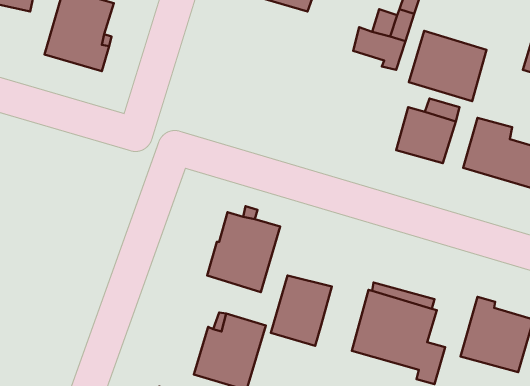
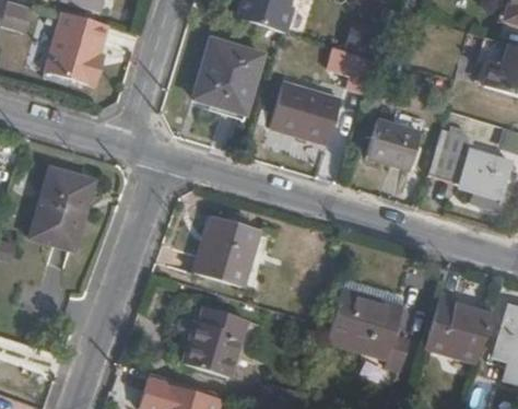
building: none -> [193,39,263,114]
building: [409,31,486,101] -> [269,81,340,145]
building: none -> [30,167,91,250]
building: [271,275,332,346] -> none

